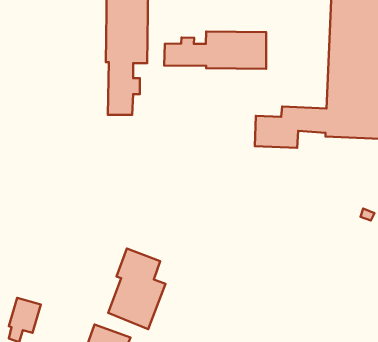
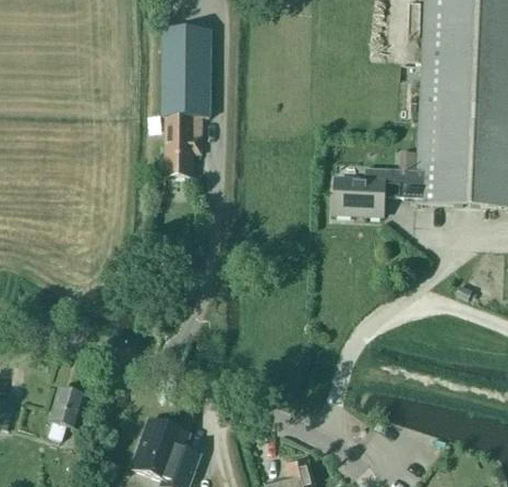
building: [164,31,266,69] -> none
building: [108,249,166,329] -> none

